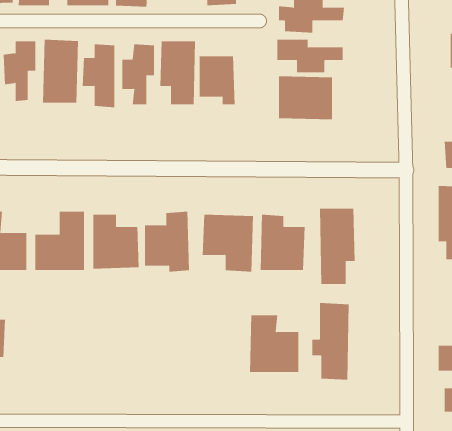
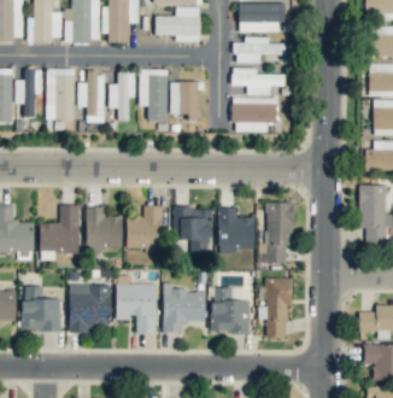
building: none -> [116,283,157,334]
building: none -> [163,283,206,333]
building: none -> [69,285,111,329]
building: none -> [22,286,60,332]

